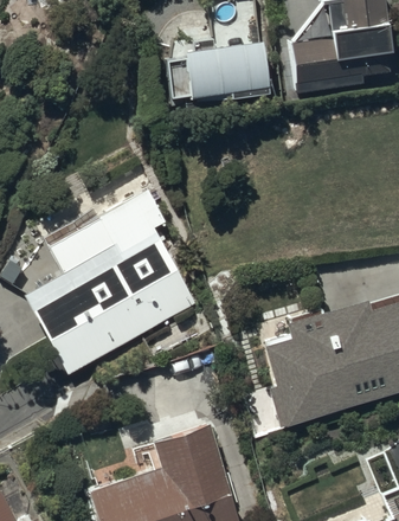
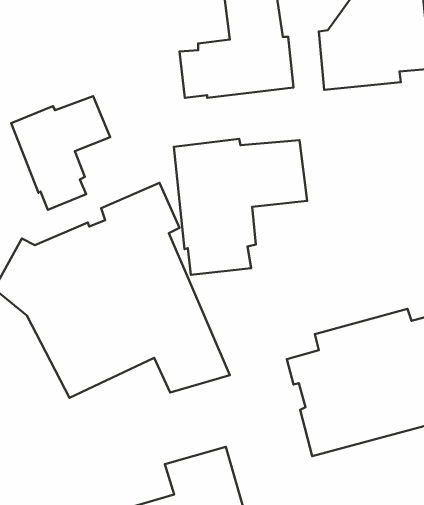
building: none -> [11,96,110,210]
building: none -> [174,139,307,275]

